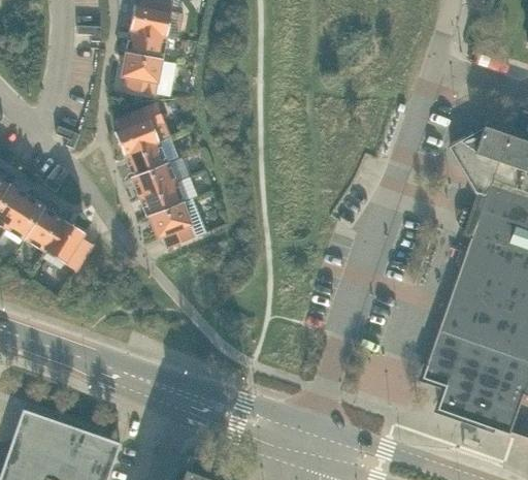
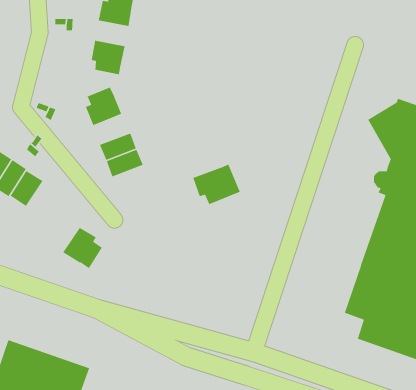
building: [126,29,167,59] -> none
building: [124,140,169,177] -> none
building: [146,198,206,248] -> [191,164,241,205]
building: [44,220,93,270] -> [62,227,103,269]

